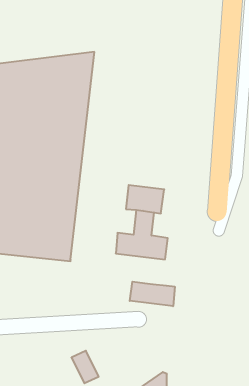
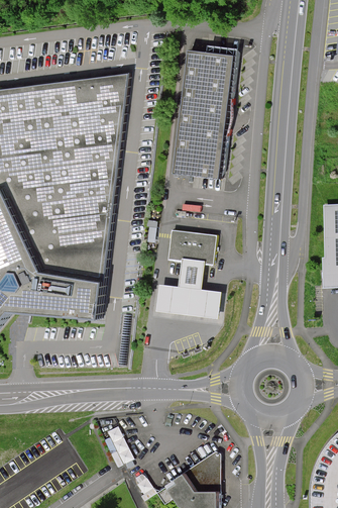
building: none -> [175,54,233,176]
building: [130,282,175,306] -> none

